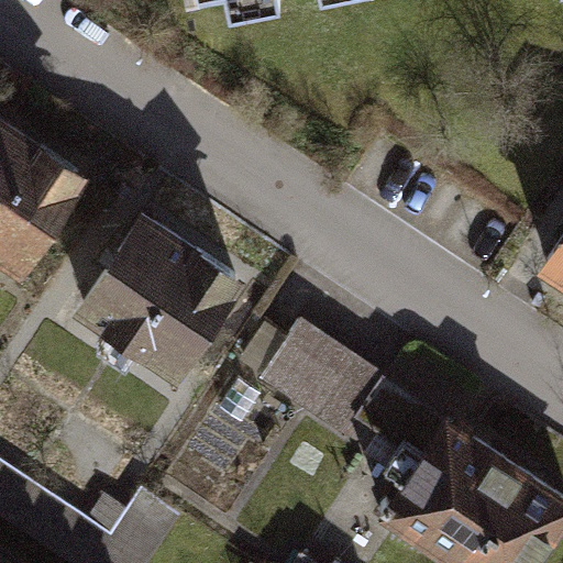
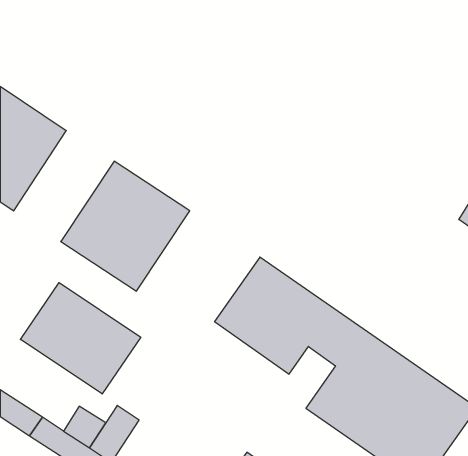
building: none -> [20,283,141,394]

